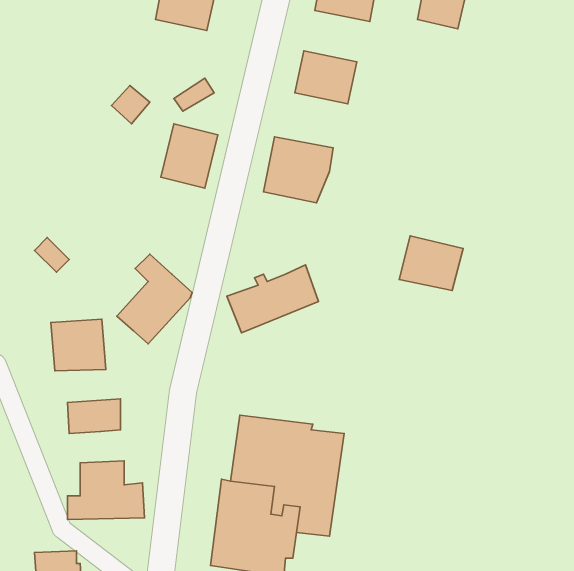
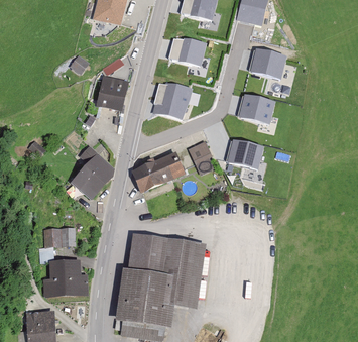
building: none -> [247,48,286,80]
building: none -> [237,93,272,122]
building: none -> [190,142,212,172]
building: [51,319,106,371] -> none

